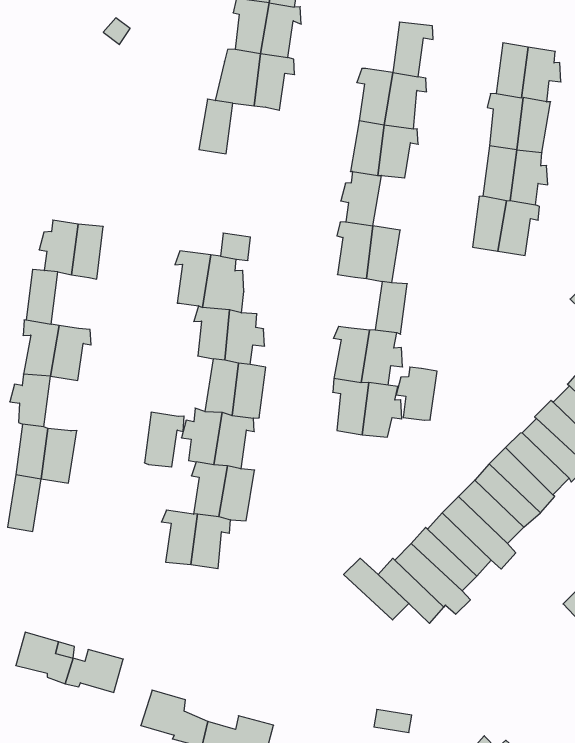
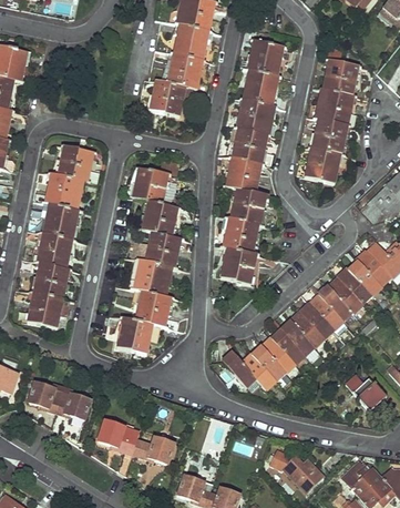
building: none -> [242,40,270,72]
building: none -> [166,84,191,116]
building: none -> [248,131,269,163]
building: none -> [60,175,84,209]
building: [396,367,437,420] -> [227,189,252,220]
building: [144,412,184,467] -> [52,235,76,267]
building: none -> [42,294,65,326]

